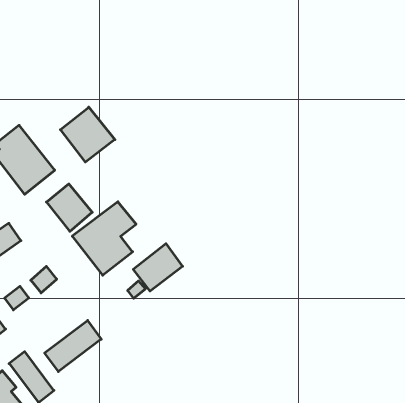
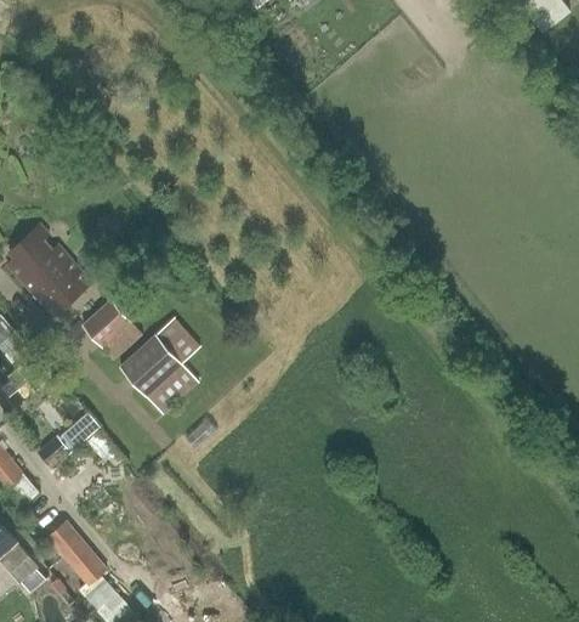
building: [60,107,115,162] -> none
building: [133,244,183,291] -> none
building: [45,320,101,372] -> none

